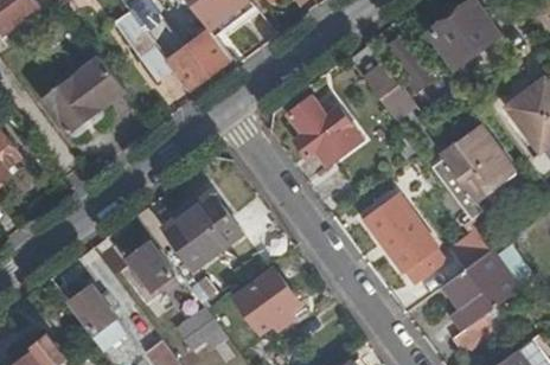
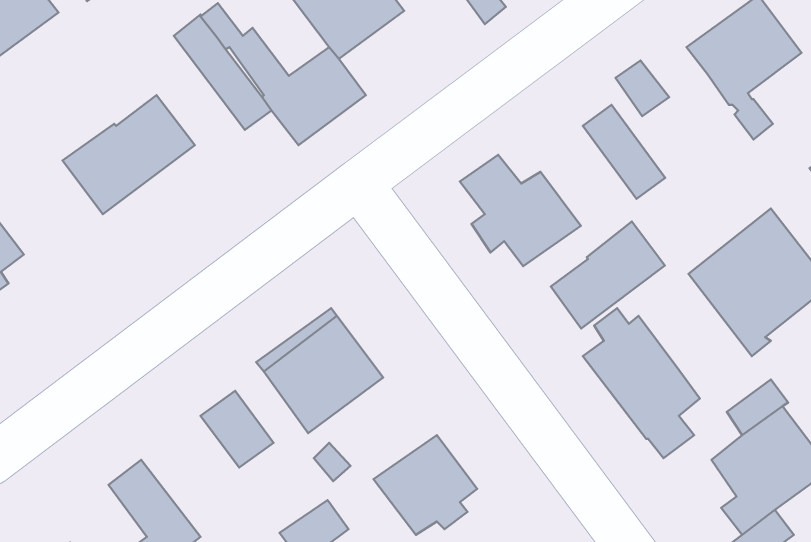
building: none -> [551,221,665,328]

